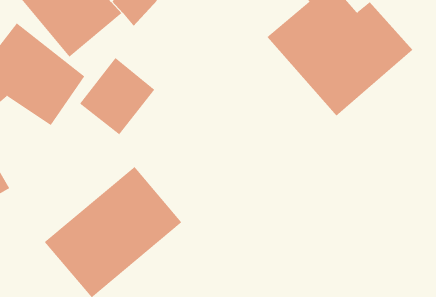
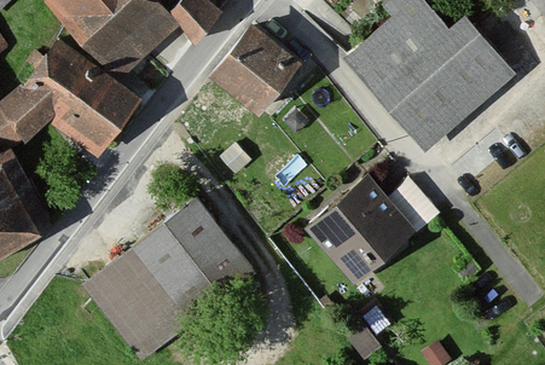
building: [79,57,155,135] -> [214,25,301,115]
building: none -> [312,178,436,280]

